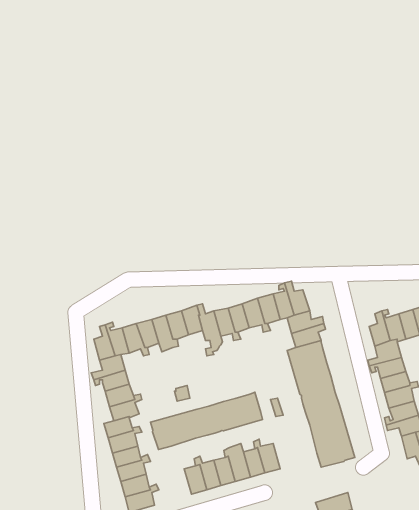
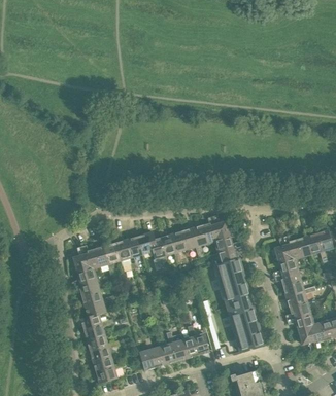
building: [151,392,262,450] -> none

